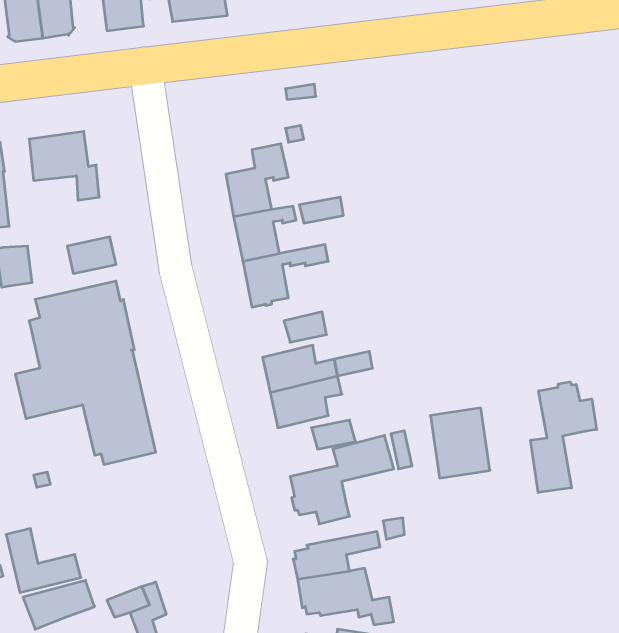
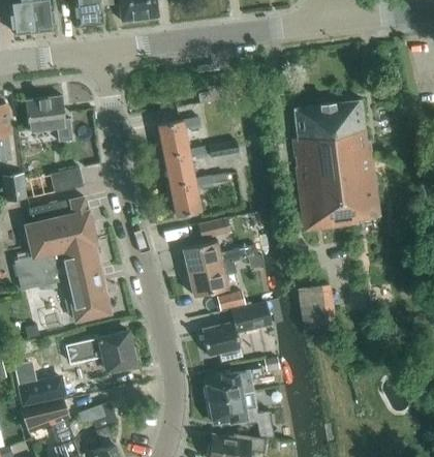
building: none -> [292,100,380,231]
building: [531,382,597,493] -> none
building: none -> [66,331,137,370]

